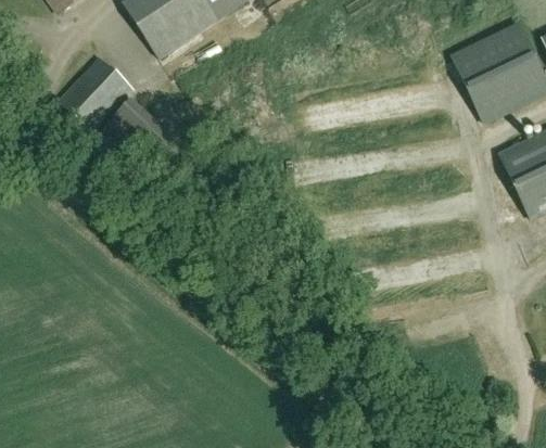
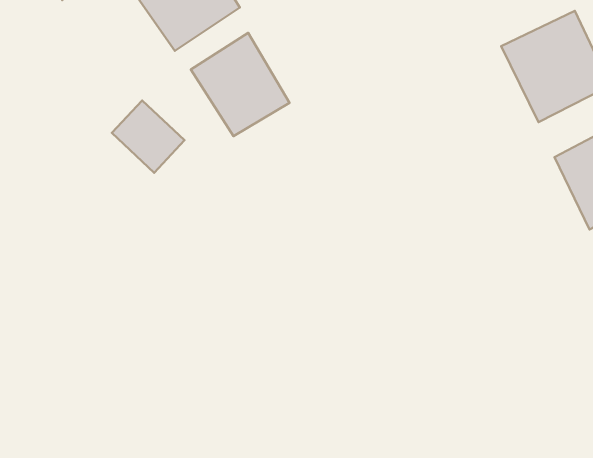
building: none -> [191,33,289,136]
building: [58,57,132,132] -> none

